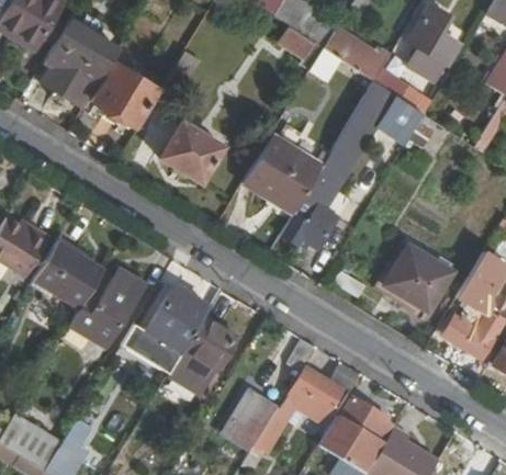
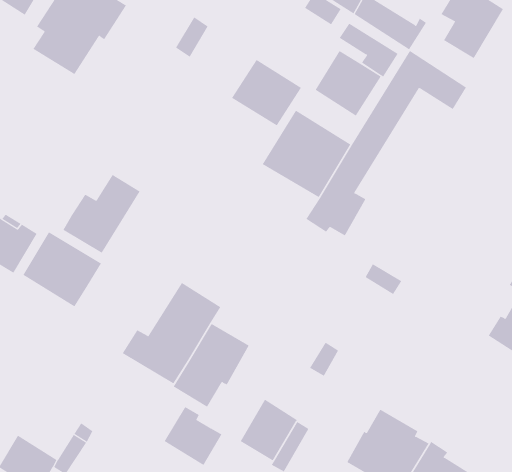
building: [93,64,156,126] -> none
building: none -> [315,50,382,116]
building: [159,121,222,180] -> [231,59,302,126]
building: [384,246,454,312] -> none
building: [71,271,140,341] -> [62,174,141,253]
building: [284,369,339,422] -> none
building: none -> [164,406,222,466]

